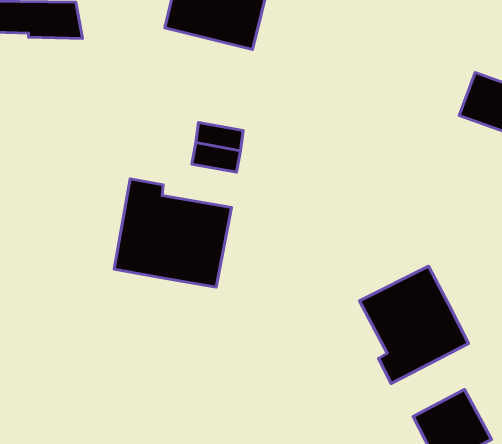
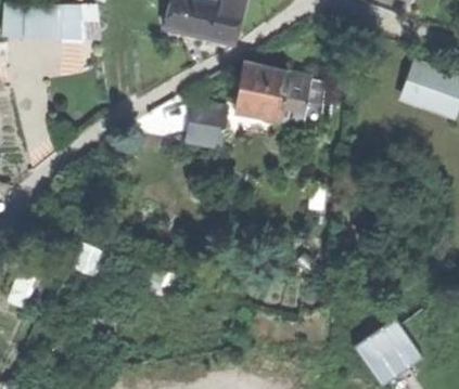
building: none -> [233,62,321,138]
building: [114,179,231,287] -> none
building: [360,266,469,384] -> none

